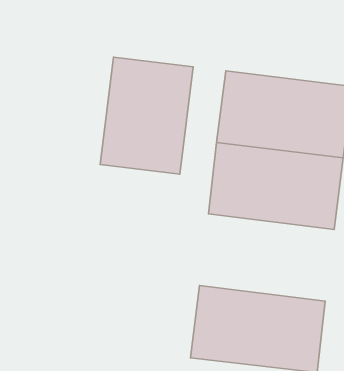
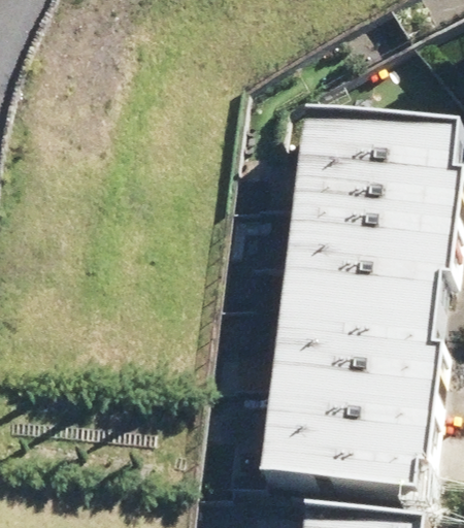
building: [100,57,193,174] -> none
building: none -> [273,288,442,397]

